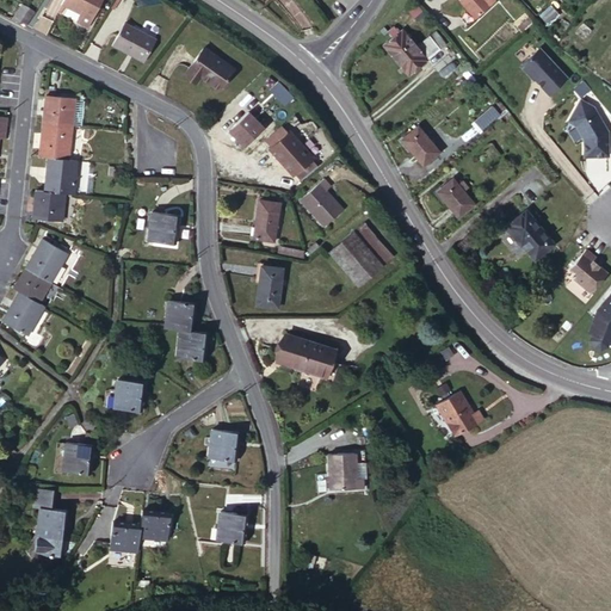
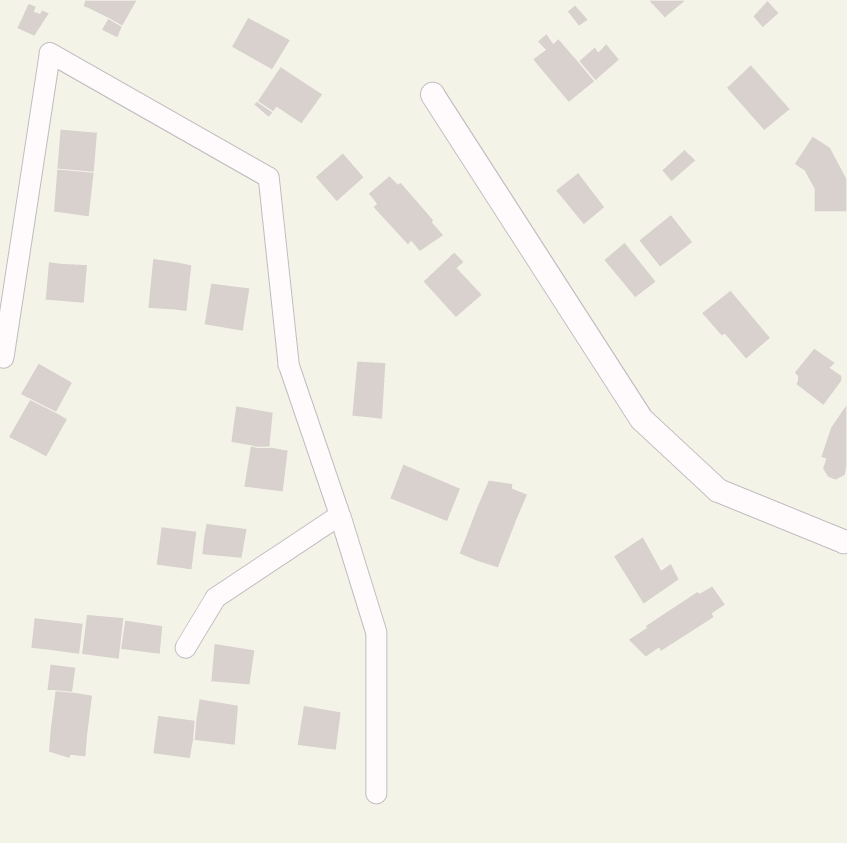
building: [111,25,154,63] -> [231,17,291,70]
building: [44,156,76,195] -> [147,258,192,311]
building: none -> [638,214,693,267]
building: [253,199,279,241] -> none
building: [338,224,389,278] -> none
building: [27,236,68,278] -> none
building: none -> [459,480,528,568]
building: none -> [202,523,247,559]
building: none -> [628,585,726,658]
building: [210,430,242,459] -> [210,643,255,685]
building: none -> [31,617,83,654]
building: none -> [120,620,163,654]
building: [331,456,362,494] -> none

